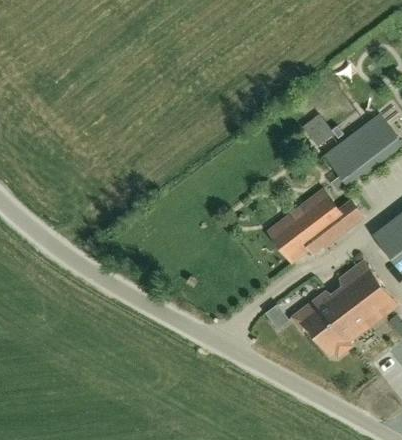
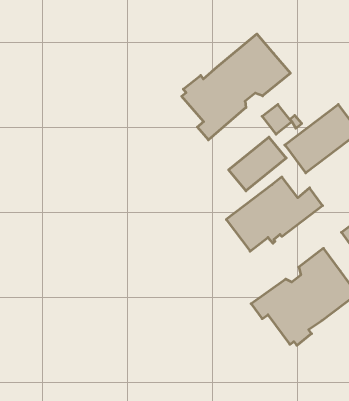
building: none -> [182,34,290,140]
building: none -> [229,137,286,191]

